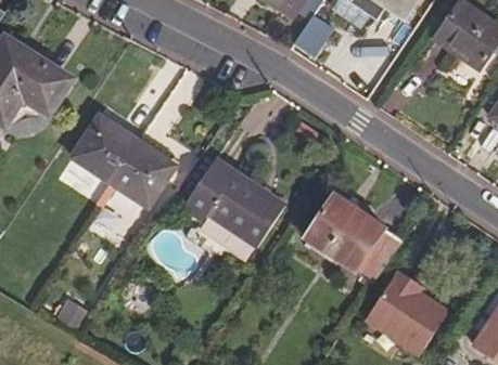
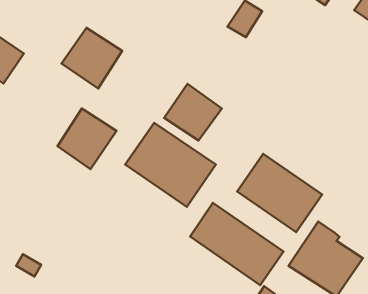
building: none -> [164,84,222,141]
building: [64,117,132,185] -> [61,28,122,88]
building: none -> [190,203,284,285]

